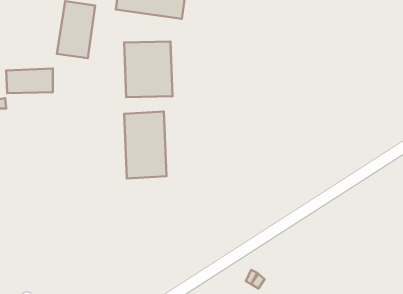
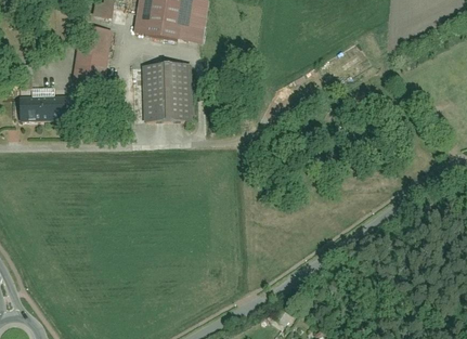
building: [124,111,166,178] -> none

